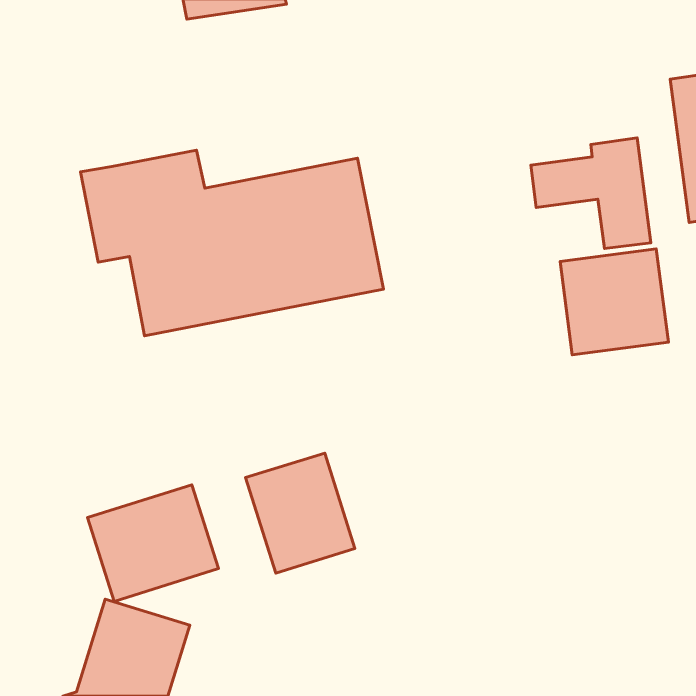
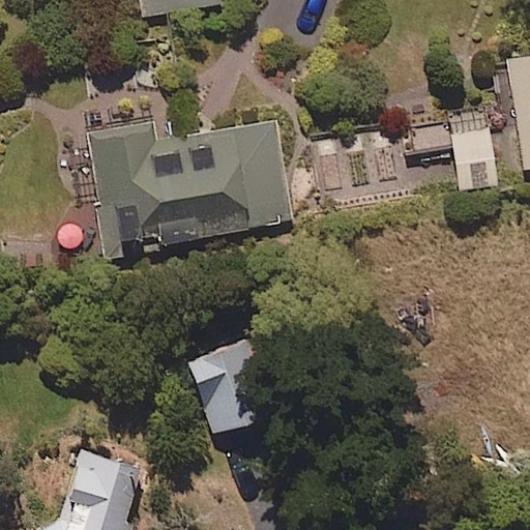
building: [560,249,668,355] -> none
building: [88,485,219,601] -> none

